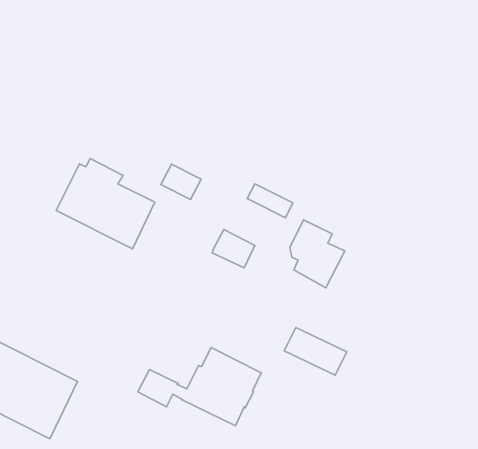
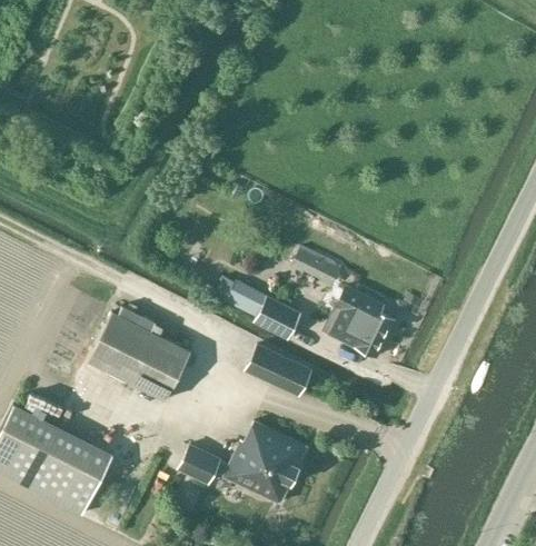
building: [56,158,155,249] -> [87,306,190,400]
building: [161,164,201,199] -> [226,281,268,318]
building: [284,327,347,375] -> [247,345,312,395]

